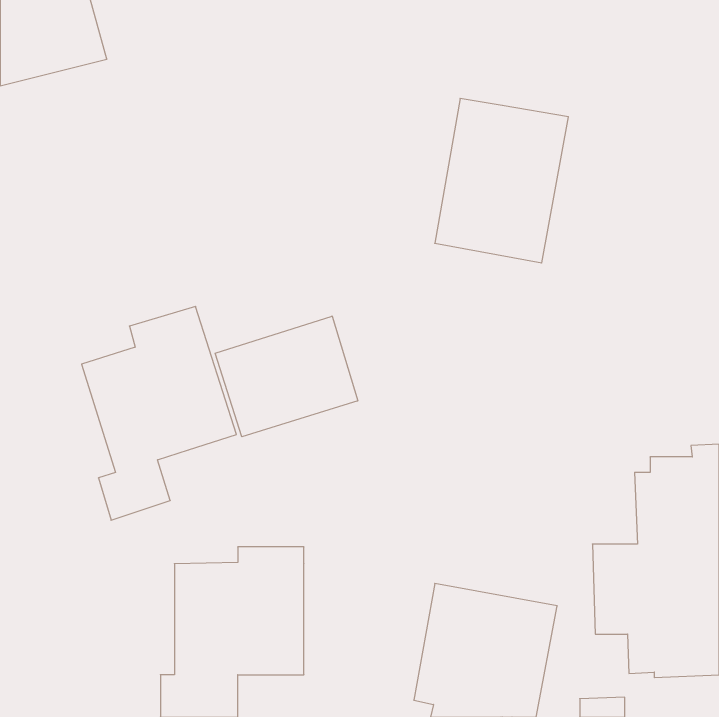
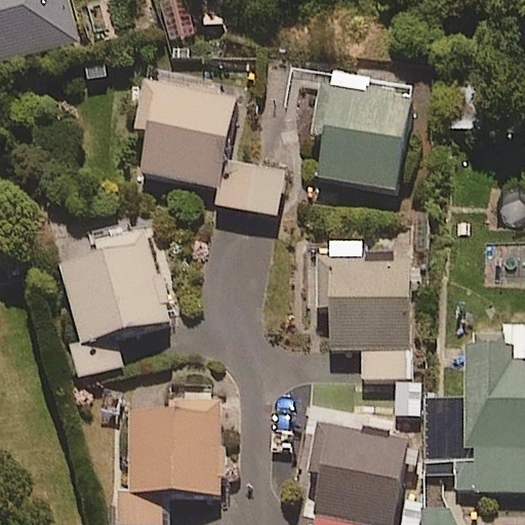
building: none -> [143,83,281,218]
building: [215,316,358,437] -> none
building: none -> [321,242,412,379]

